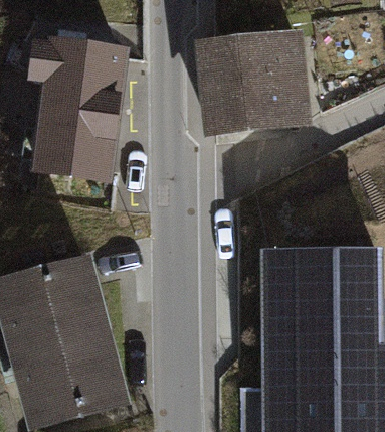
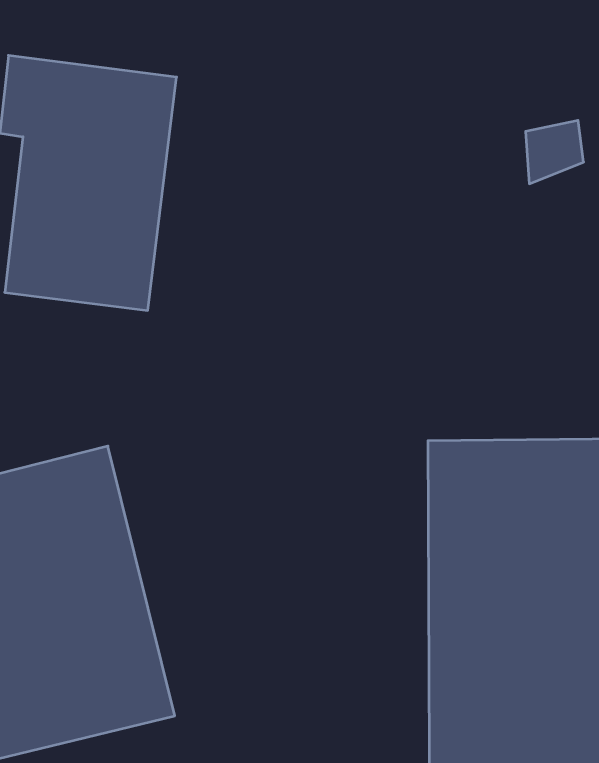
building: [209,27,313,132] -> none

